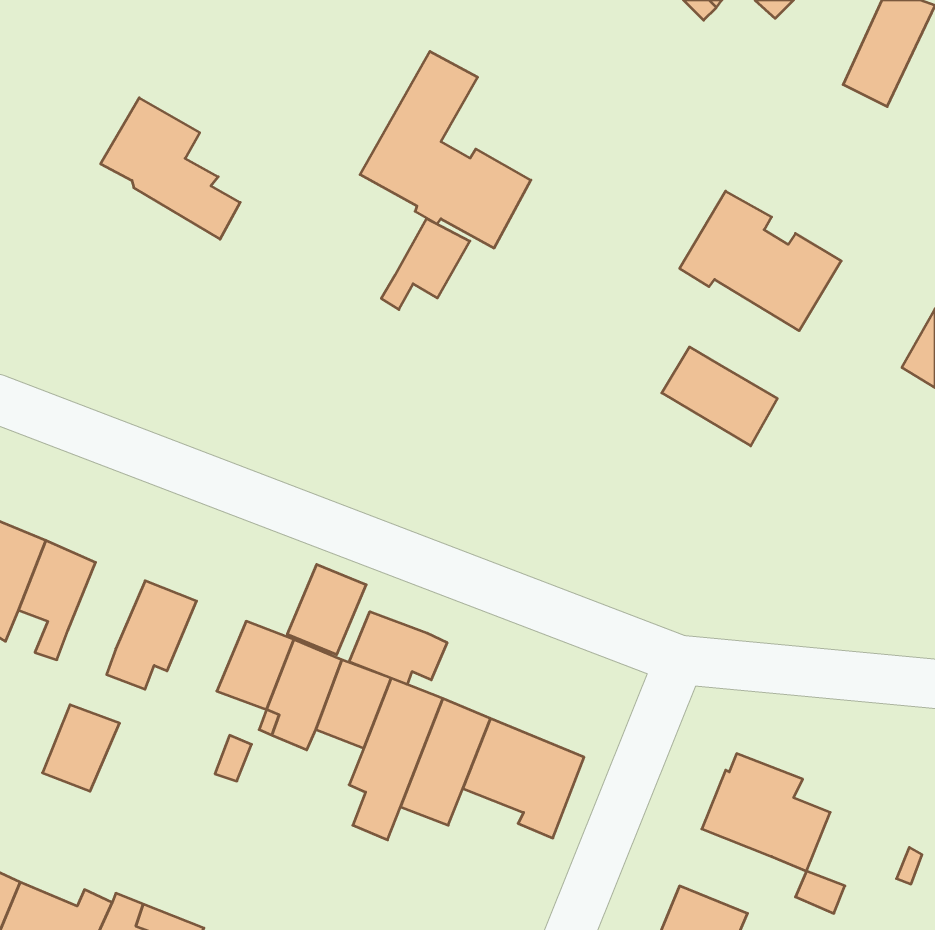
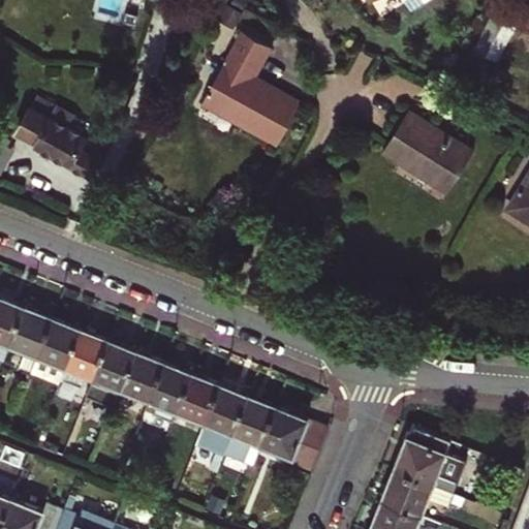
building: [101,98,240,239] -> [14,101,93,181]
building: [381,219,470,310] -> none
building: [662,347,777,446] -> none
building: [287,564,366,655] -> [94,343,138,394]
building: [349,612,447,684] -> none
building: [42,705,120,791] -> [38,321,82,370]
building: none -> [382,471,434,519]

